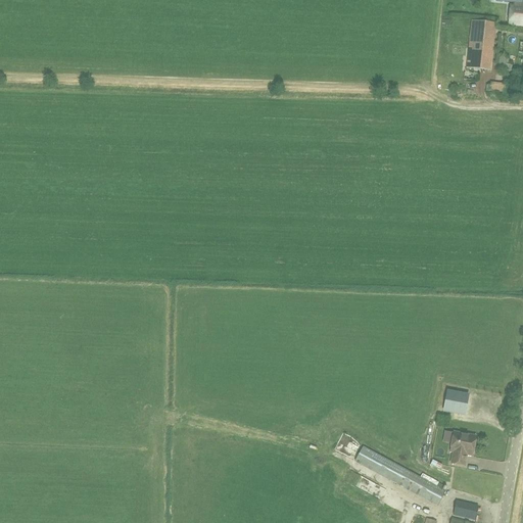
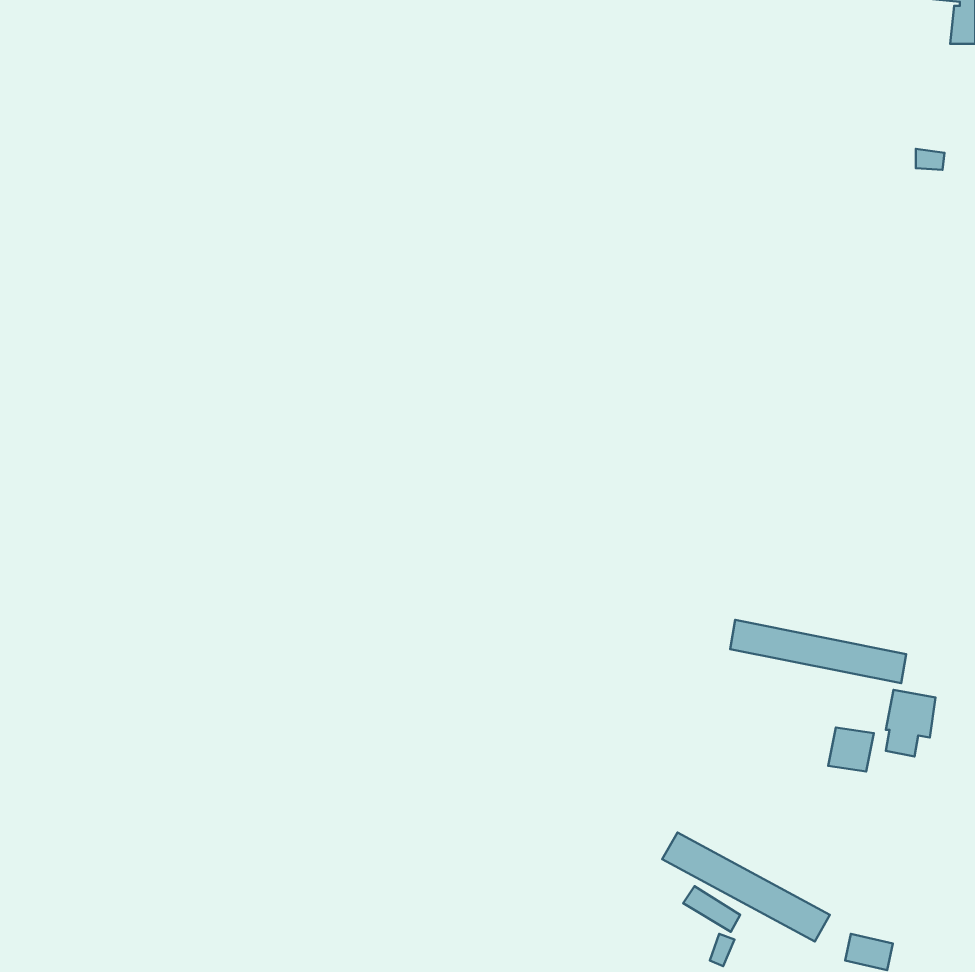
building: [467,19,492,68] -> none
building: none -> [730,620,906,683]
building: [449,429,476,465] -> [886,690,935,757]

